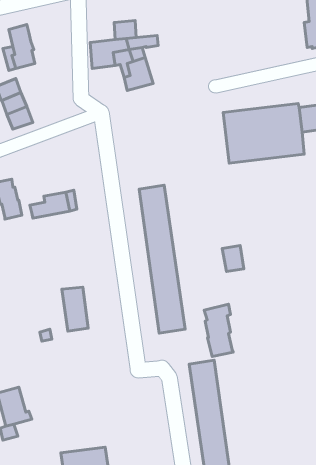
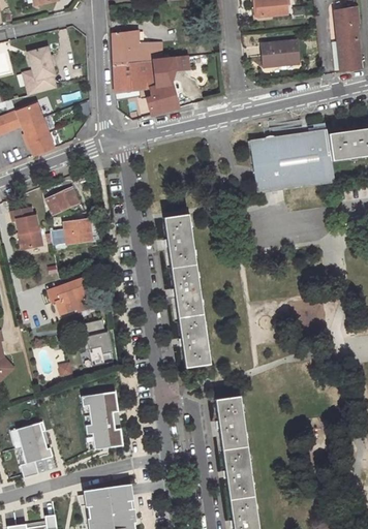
building: none -> [112,32,139,66]
building: none -> [257,39,295,64]
building: none -> [47,187,80,215]
building: [222,246,244,271] -> none
building: none -> [48,278,90,314]
building: [204,304,233,357] -> none
building: none -> [82,390,122,449]

